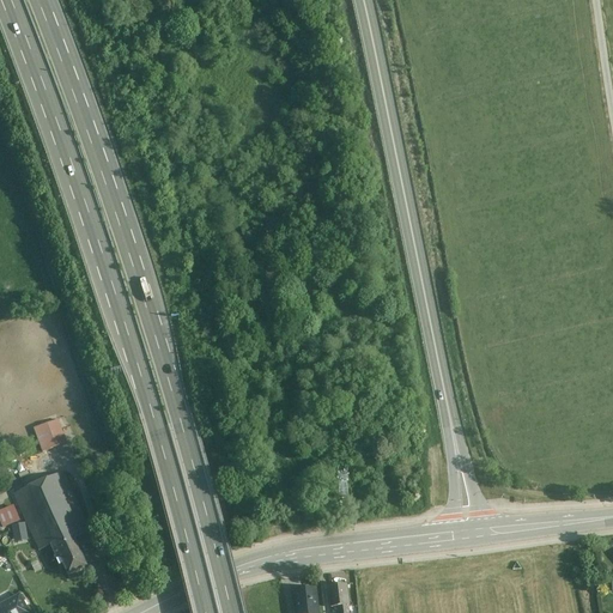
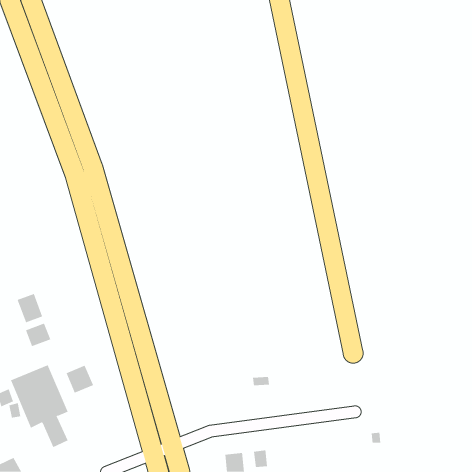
building: none -> [17,293,43,323]
building: none -> [66,365,94,394]

